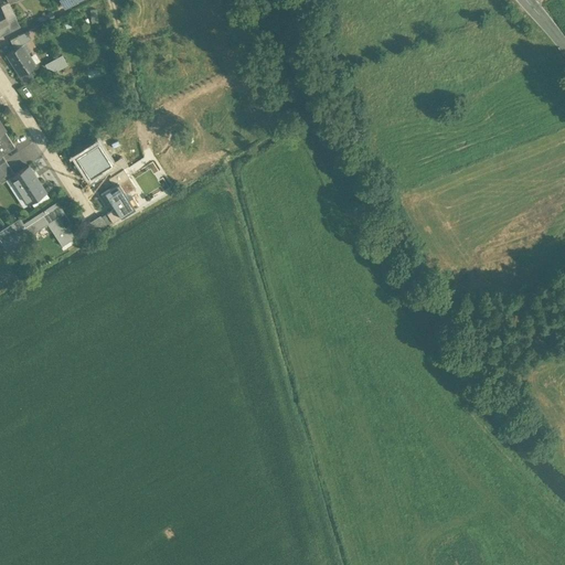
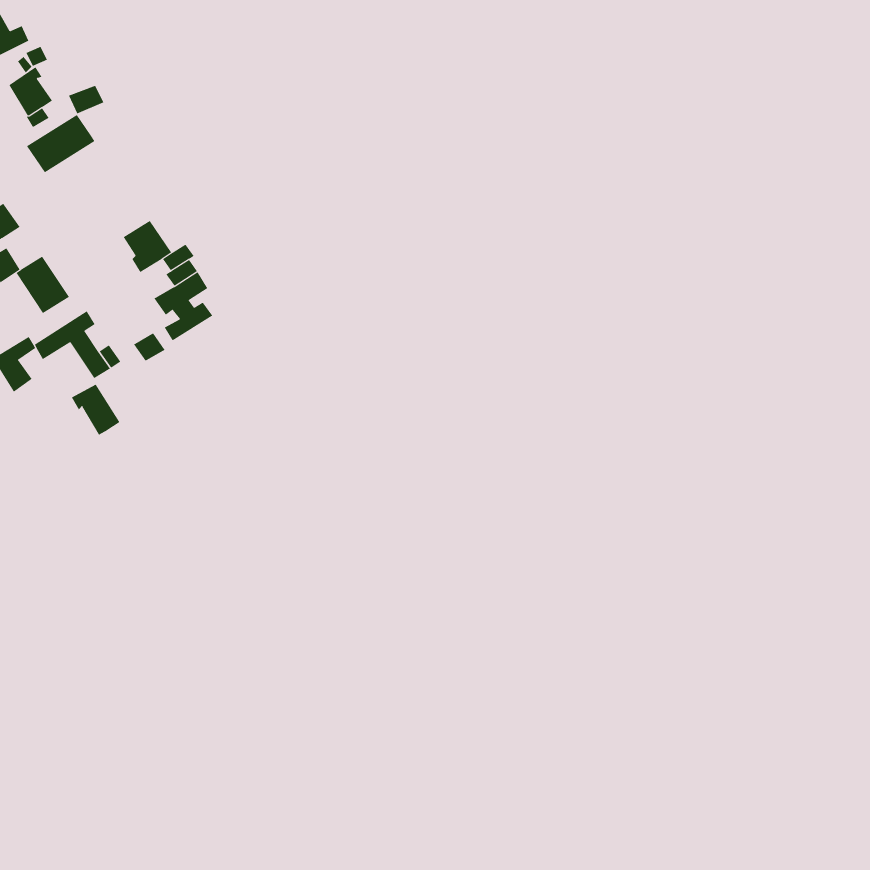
building: none -> [26,114,95,173]
building: none -> [71,384,120,436]

